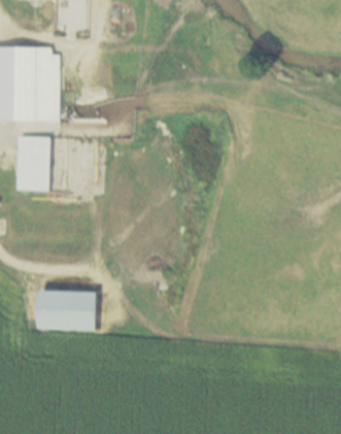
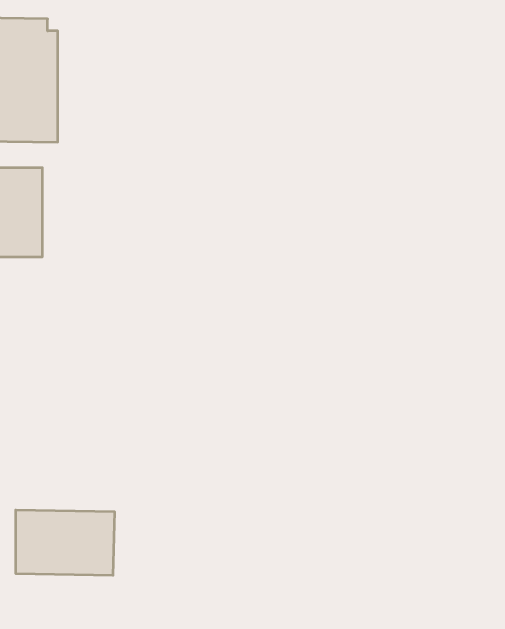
building: [41,290,101,329] -> [16,510,115,575]

